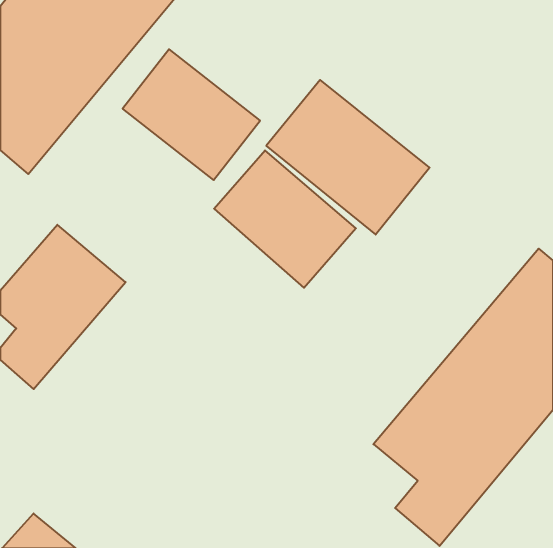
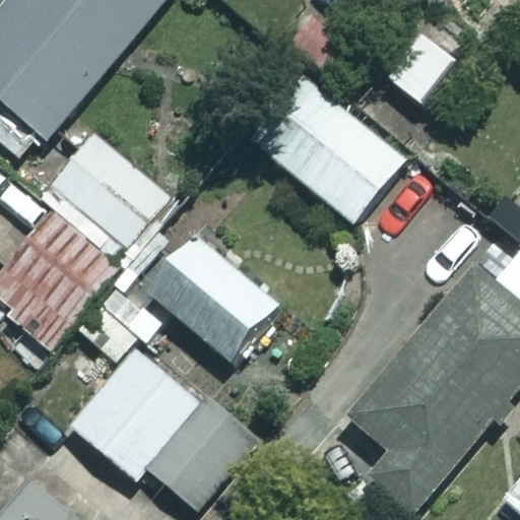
building: [123,49,260,180] -> [48,134,177,257]
building: [214,150,356,288] -> [145,232,278,361]
building: none -> [73,350,256,510]

